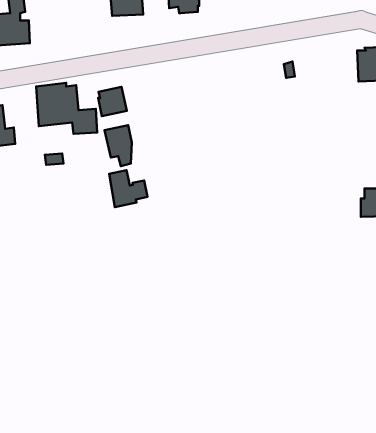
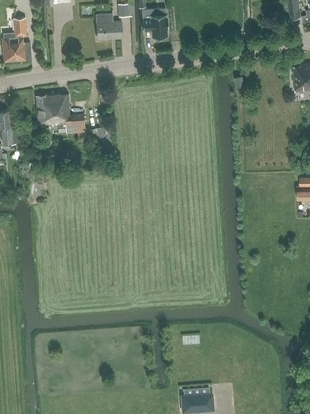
building: [98,87,127,116] -> none
building: [109,170,148,207] -> none

